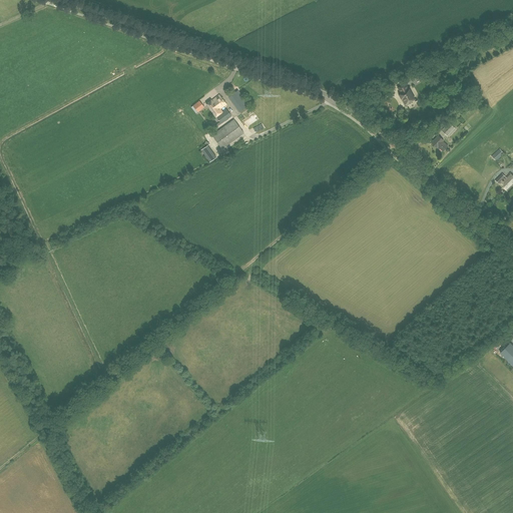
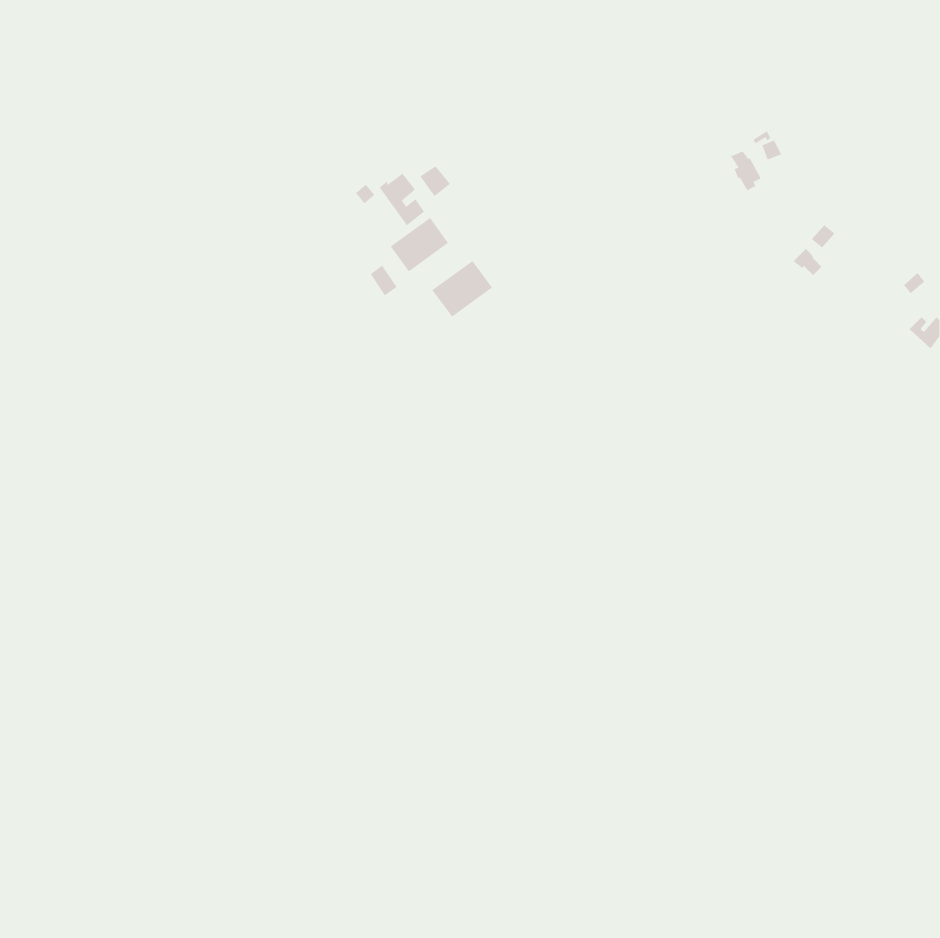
building: none -> [432,260,493,318]

